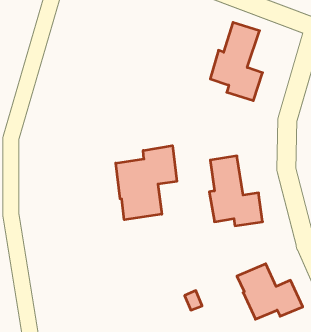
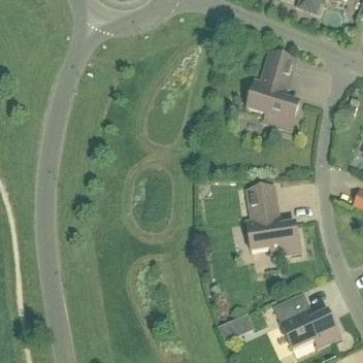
building: [116,146,177,220] -> none

